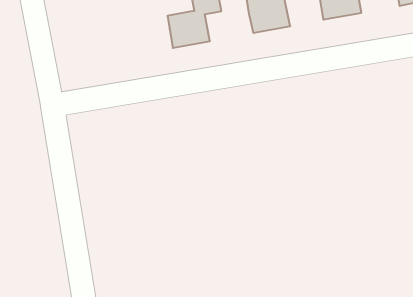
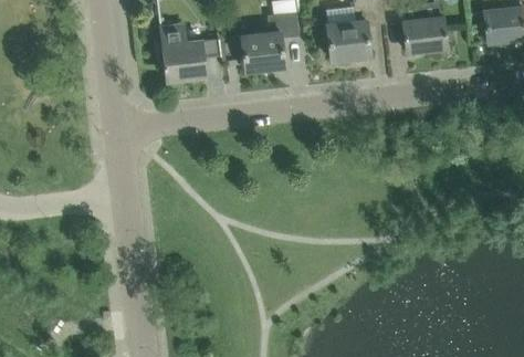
building: none -> [157,23,221,81]

